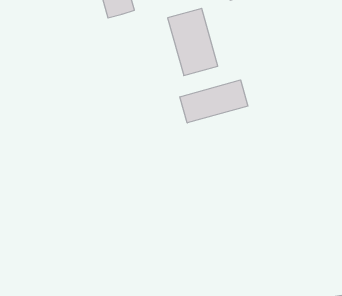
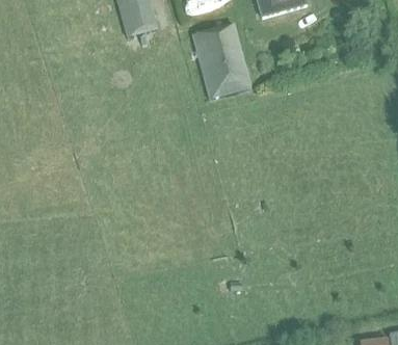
building: [180,80,248,123] -> none

